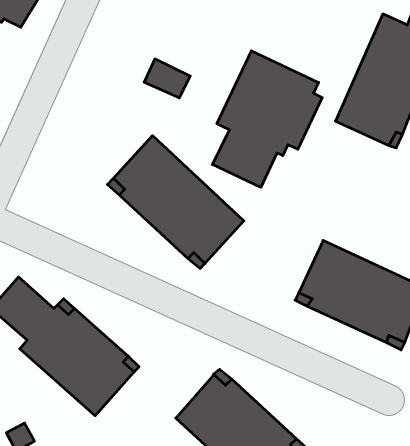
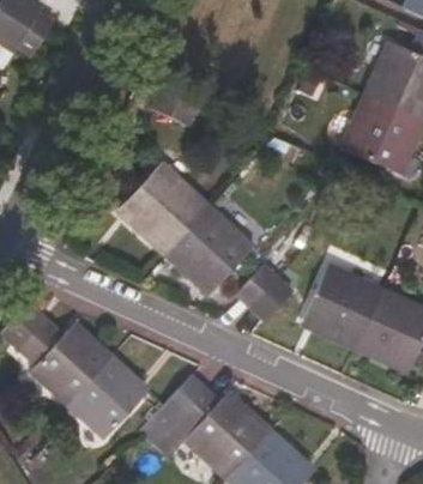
building: [212,51,322,187] -> none
building: none -> [237,265,292,320]
building: none -> [140,374,220,455]

